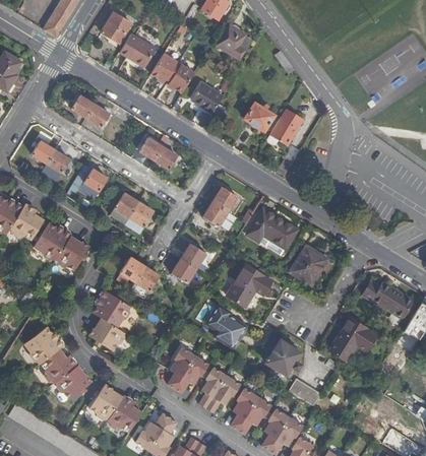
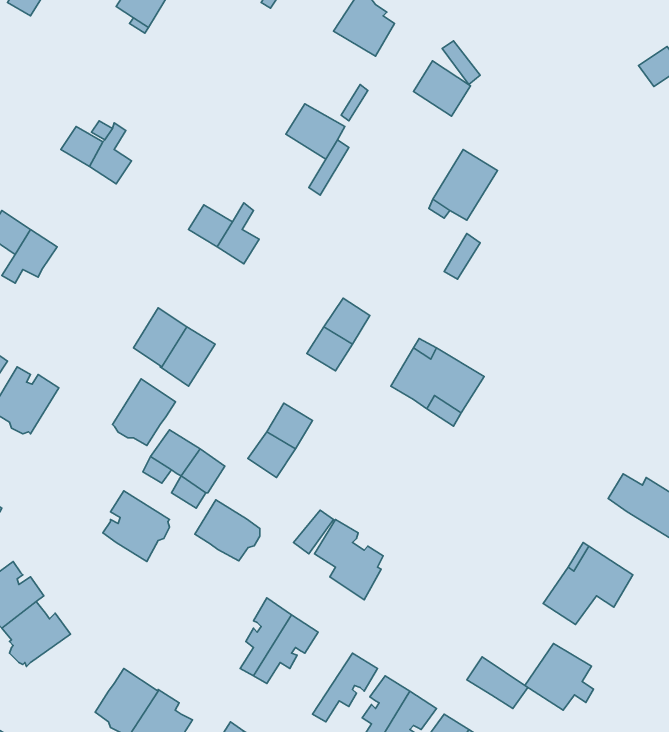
building: [119,32,156,68] -> none
building: [150,53,194,92] -> none
building: [244,102,275,131] -> [413,61,471,116]
building: [68,164,108,196] -> none
building: [55,235,88,270] -> [113,379,175,446]
building: [290,246,327,284] -> none
building: [226,264,271,307] -> none
building: [89,317,124,349] -> [195,500,260,561]
building: [264,339,301,375] -> [525,643,594,710]
building: [55,365,90,398] -> none
building: [199,367,227,408] -> none

